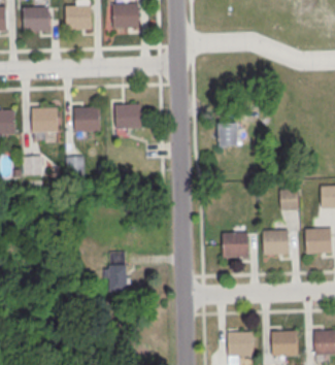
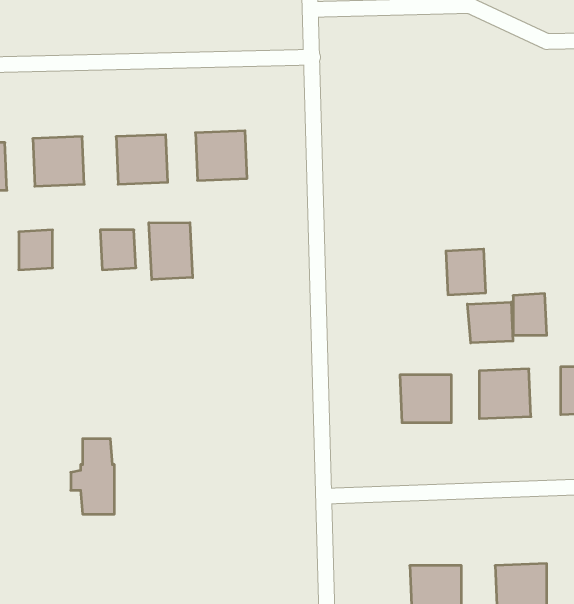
building: [217,124,238,147] -> [446,249,486,295]
building: none -> [149,223,193,280]
building: none -> [467,302,513,343]
building: [104,253,127,292] -> [71,439,114,514]

